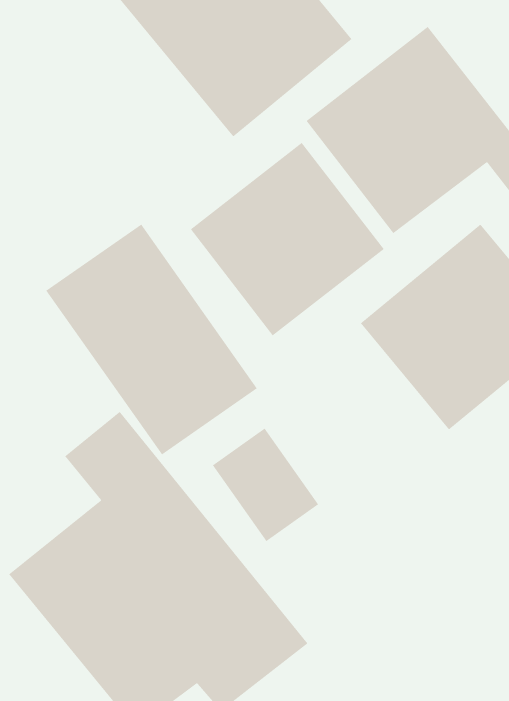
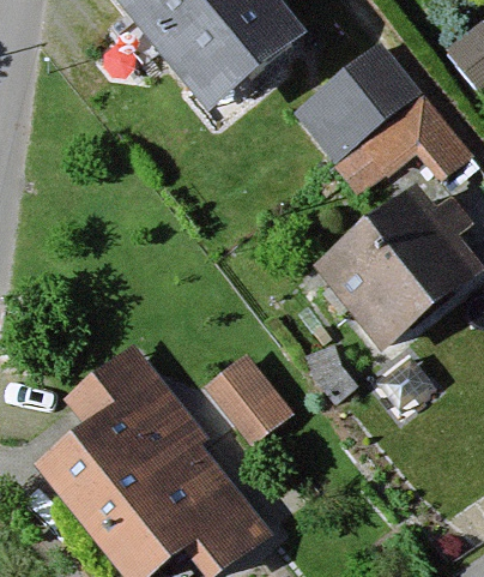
building: [190,142,385,336] -> none
building: [45,224,258,456] -> none

